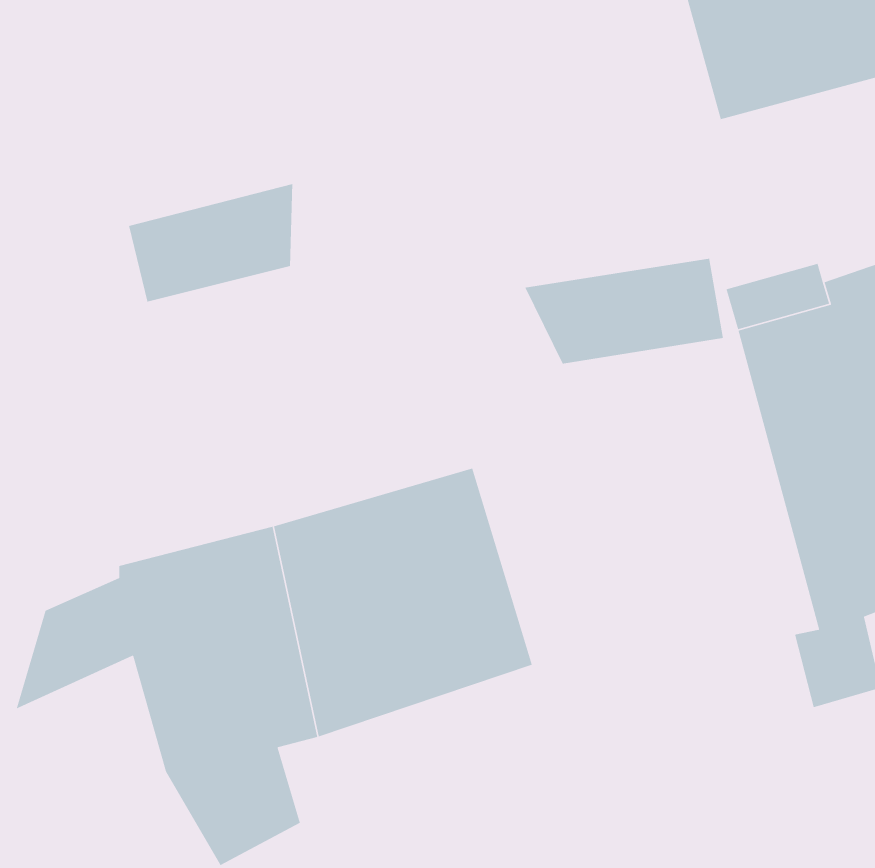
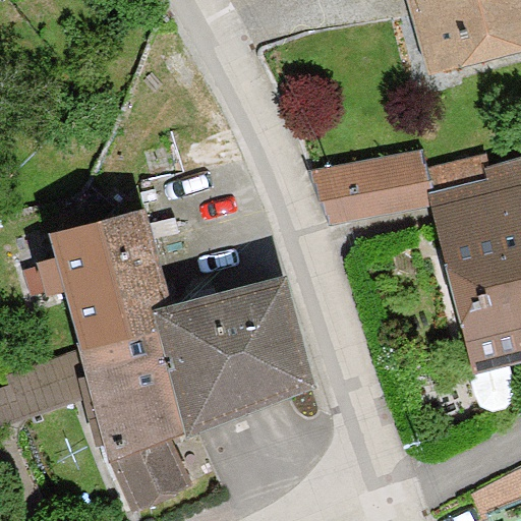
building: [128,183,293,303] -> none
building: none -> [45,202,164,335]

